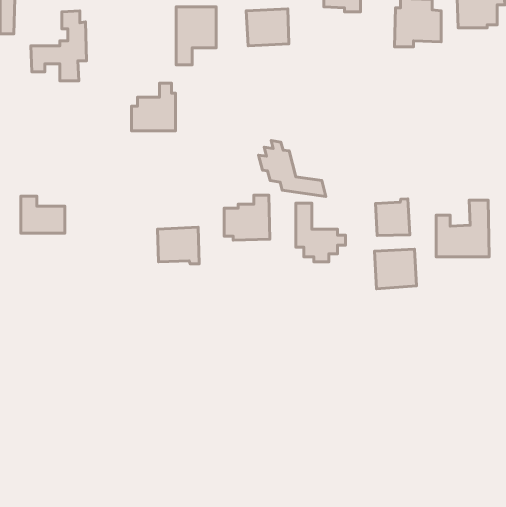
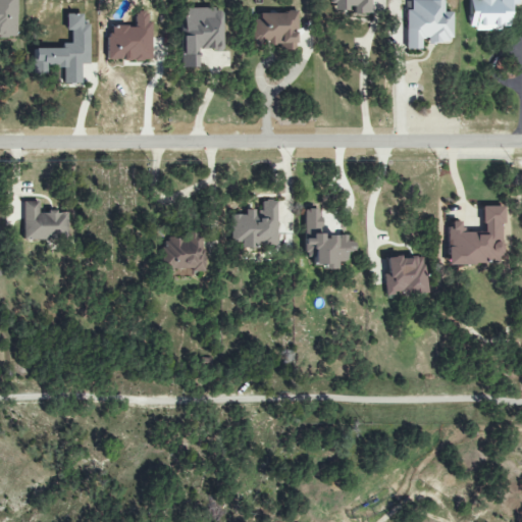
building: [132,83,175,131] -> [108,10,153,59]
building: [259,141,326,196] -> none
building: [376,199,410,236] -> none

